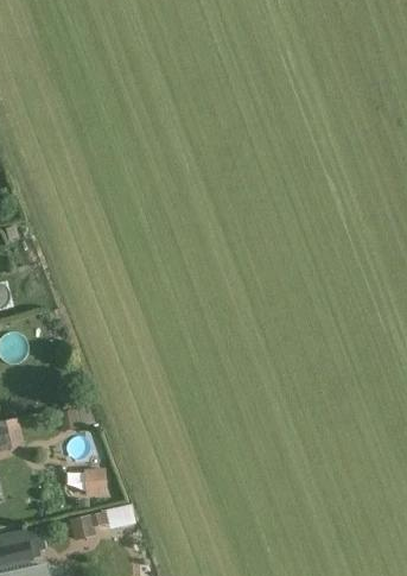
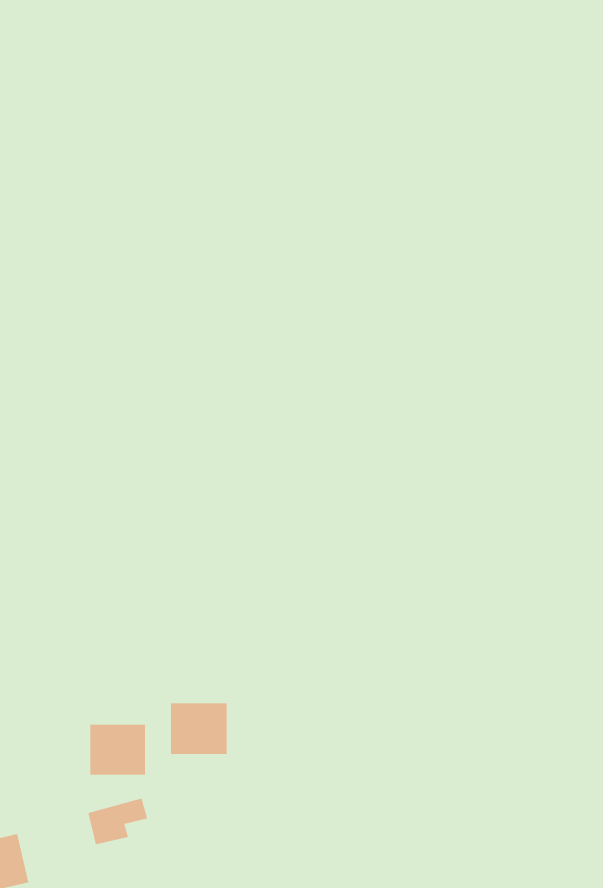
building: none -> [171,703,227,755]

